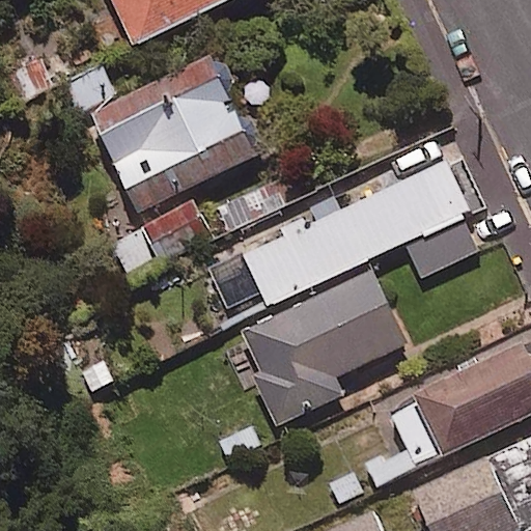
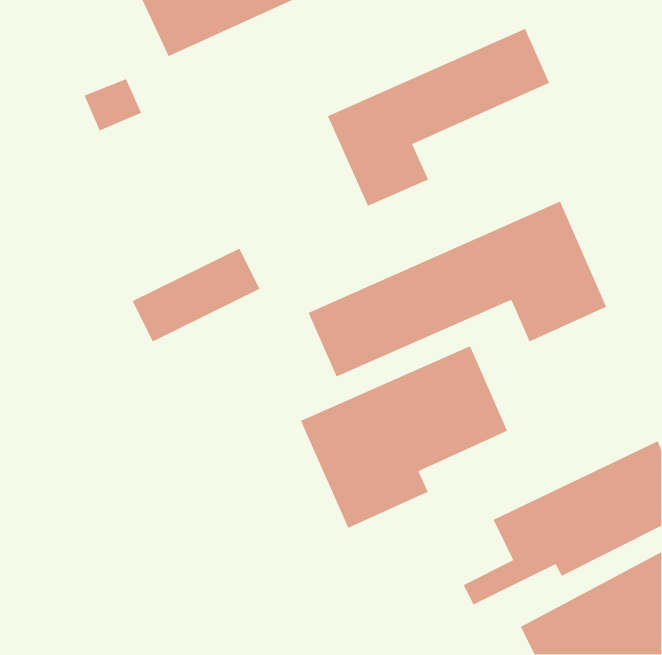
building: none -> [327,28,550,207]
building: [89,56,254,208] -> none

